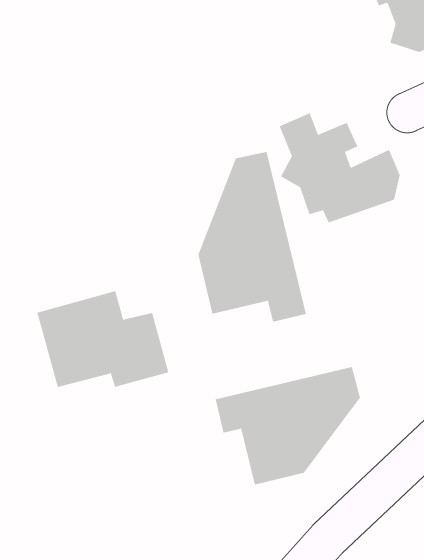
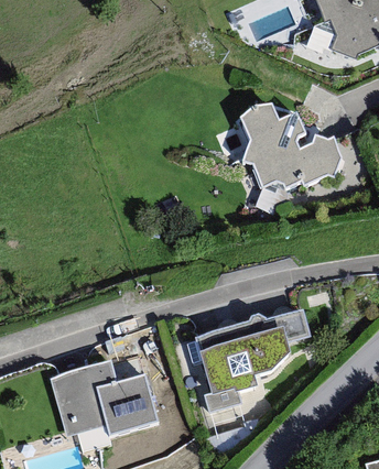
building: [198,151,306,322] -> none
building: [37,291,169,387] -> [44,357,151,435]

